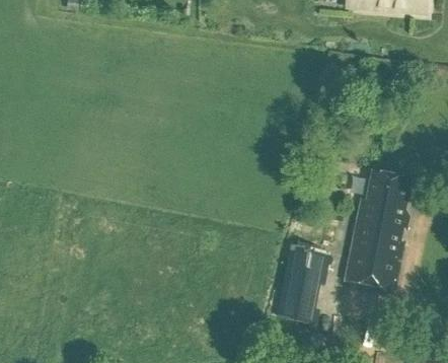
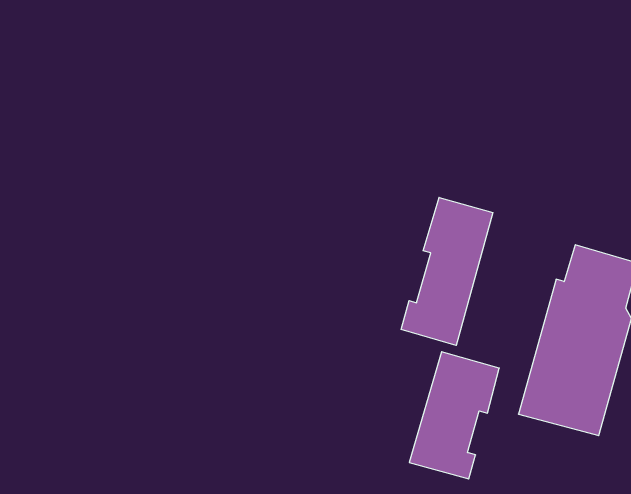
building: none -> [401,197,493,345]

